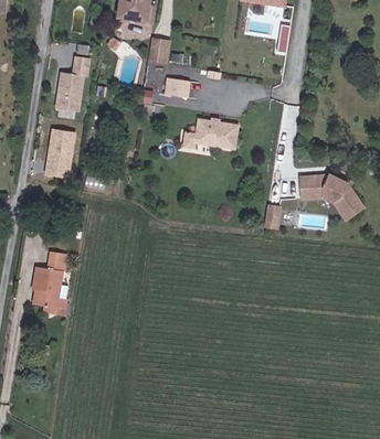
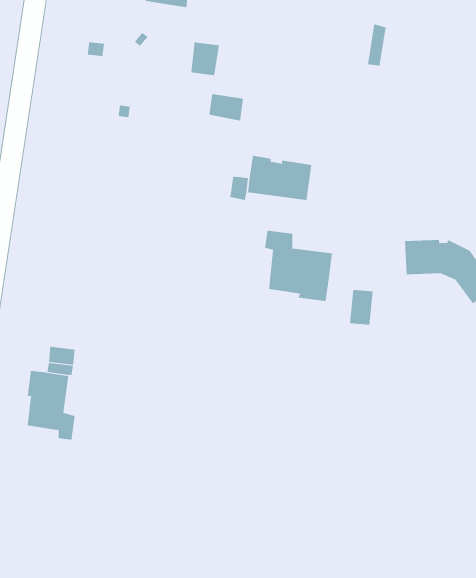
building: [60,53,93,108] -> none
building: [40,132,70,181] -> none
building: none -> [264,230,332,302]

